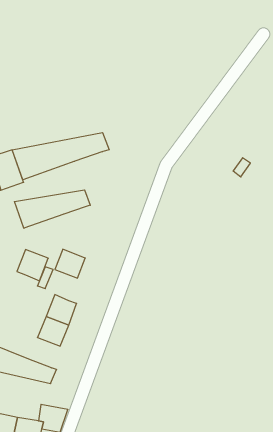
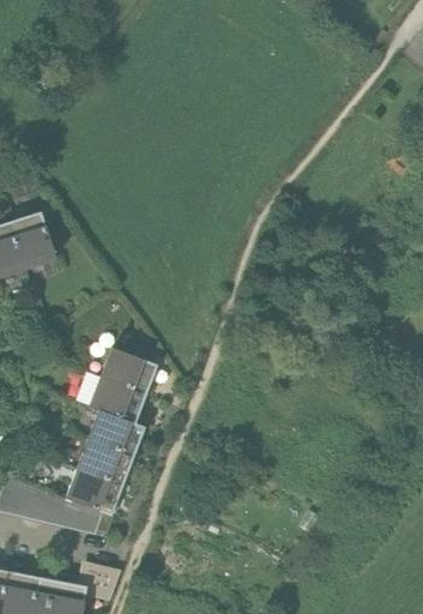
building: [12,133,109,180] -> none
building: [14,190,90,228] -> none
building: [17,250,48,281] -> [91,375,134,419]
building: none -> [67,469,110,511]

